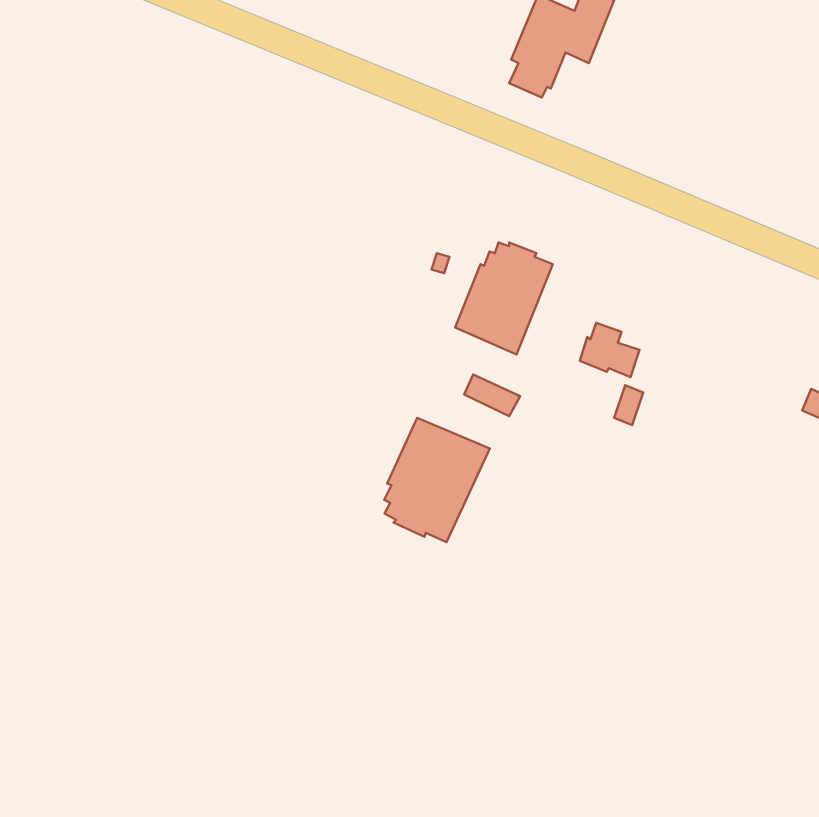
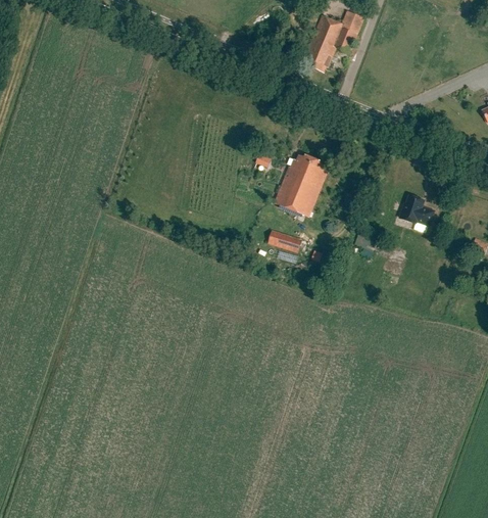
building: [580,323,639,377] -> [400,194,434,225]
building: [384,418,490,542] -> none

